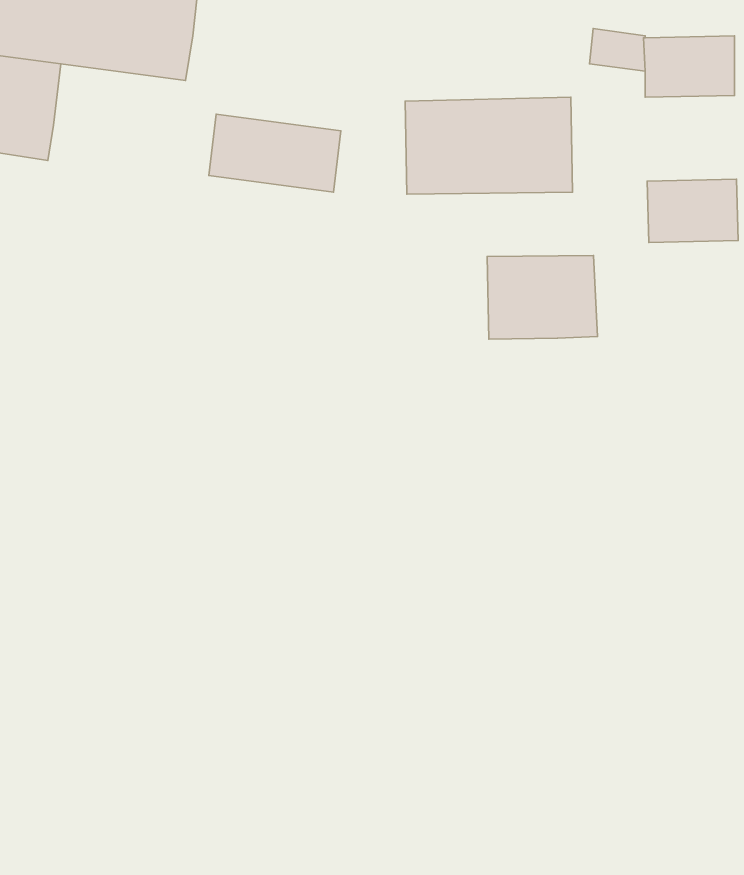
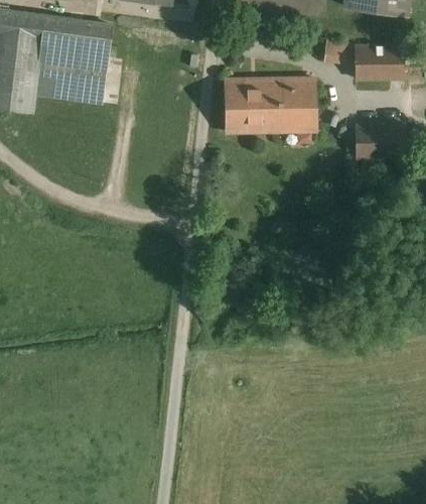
building: [209,114,341,192] -> [34,60,106,103]
building: [487,255,597,339] -> none

